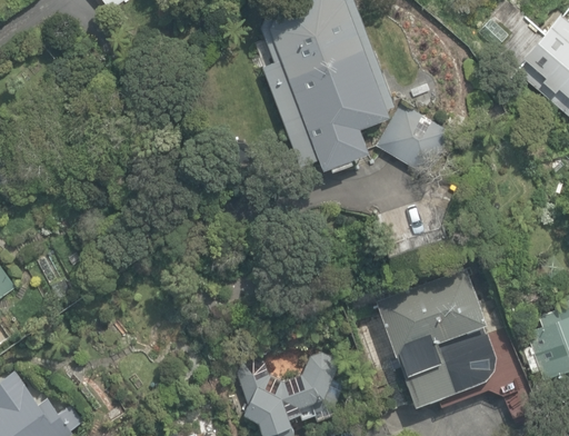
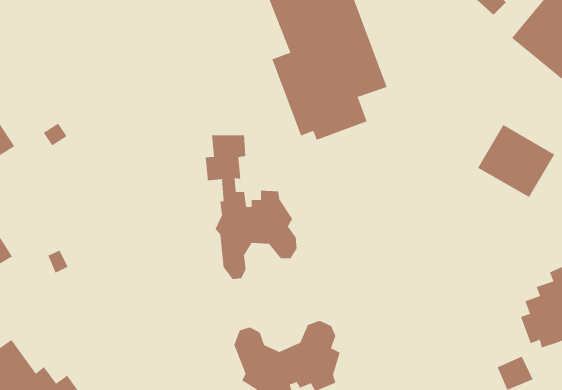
building: [376,102,453,176] -> [477,124,555,198]
building: none -> [205,134,297,280]
building: [376,270,495,406] -> none

